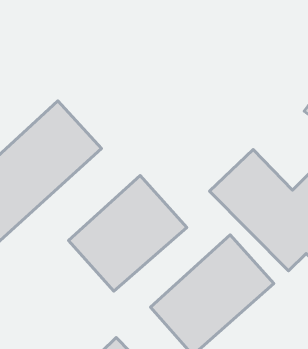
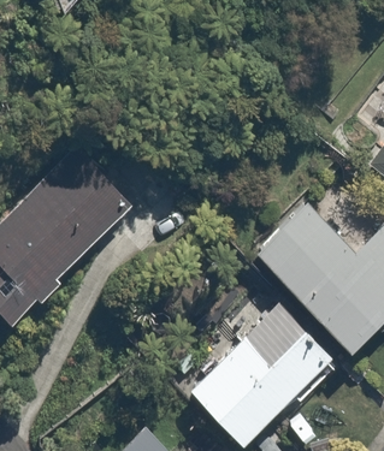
building: [68,175,187,291] -> none

